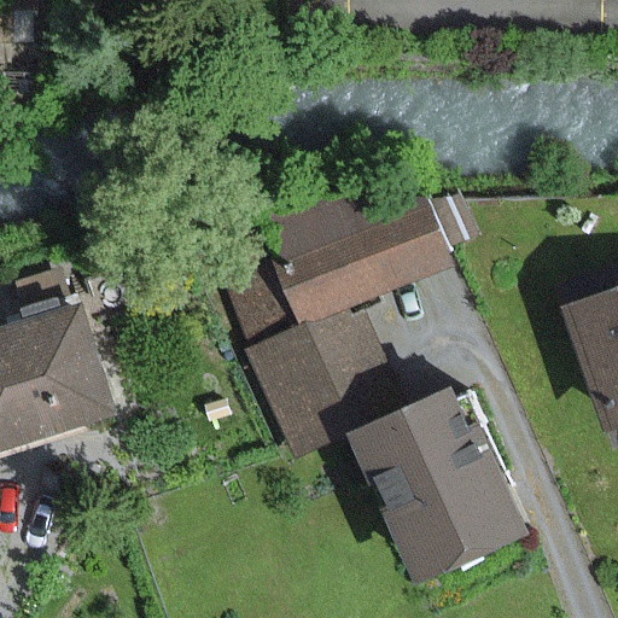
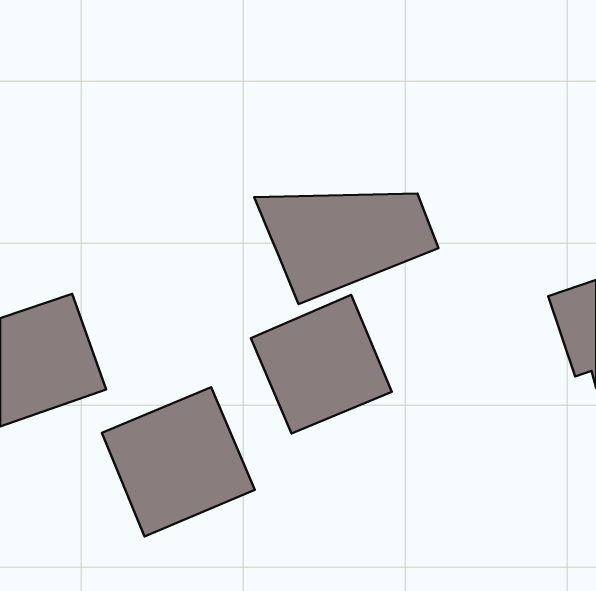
building: [356,396,524,581] -> none
building: none -> [102,387,255,536]

